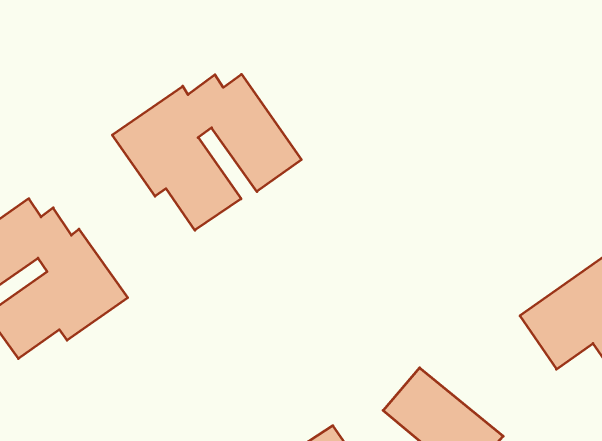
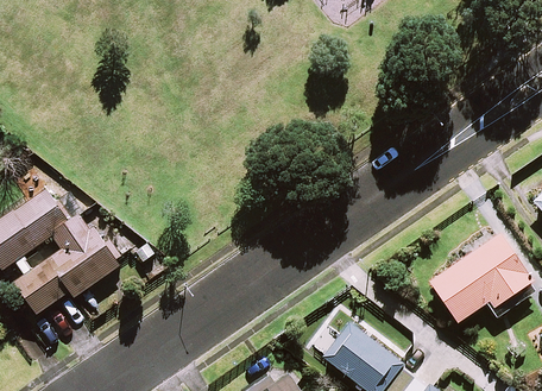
building: [112,74,301,230] -> none

